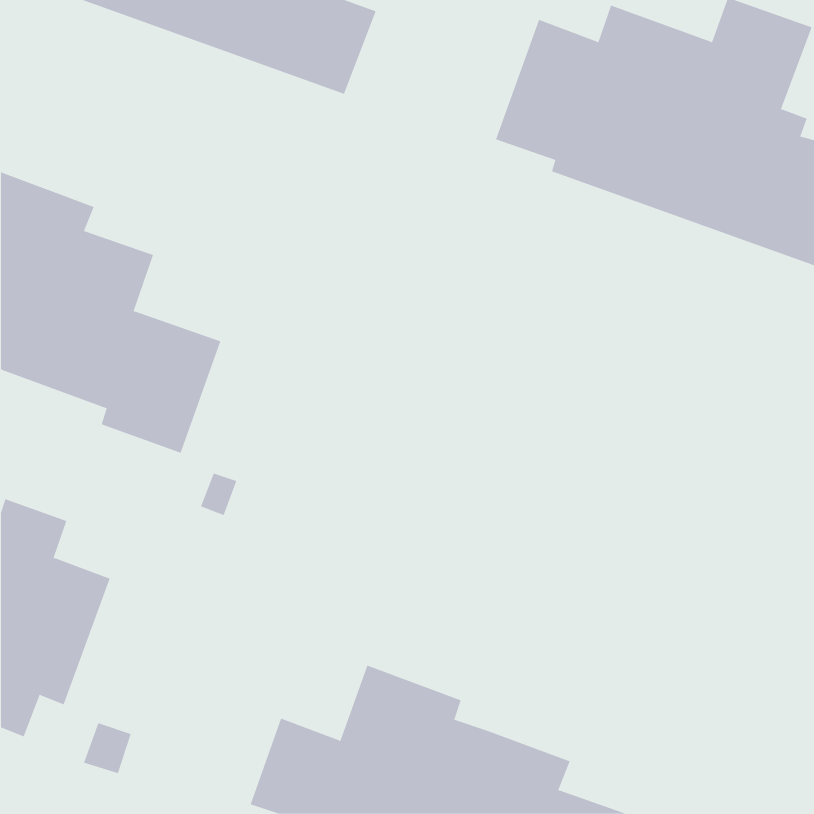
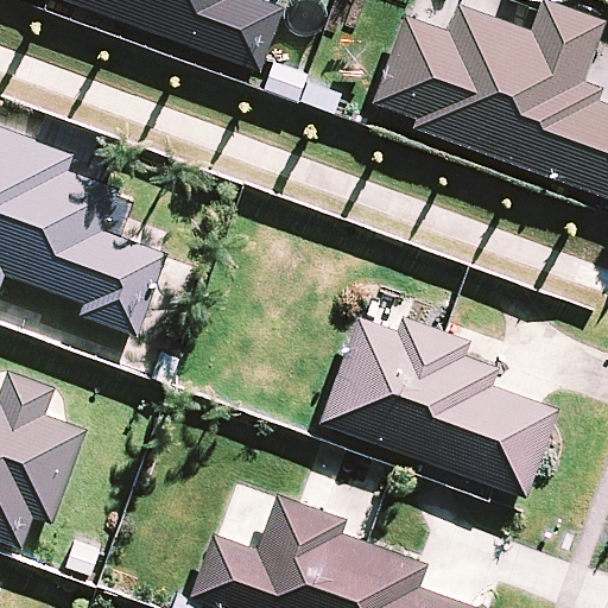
building: none -> [317,316,558,498]

